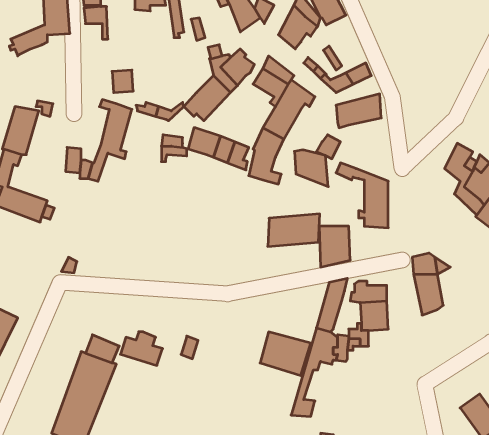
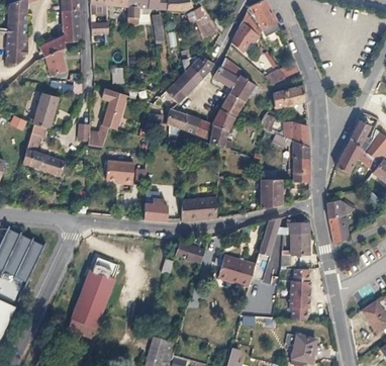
building: none -> [44,50,66,78]
building: [294,150,328,187] -> [285,121,309,148]
building: none -> [335,139,361,174]
building: none -> [105,161,133,185]
building: [268,214,320,246] -> [180,197,217,220]
building: none -> [143,199,168,221]
building: [120,332,163,365] -> [174,239,204,263]
building: none -> [291,269,310,321]

